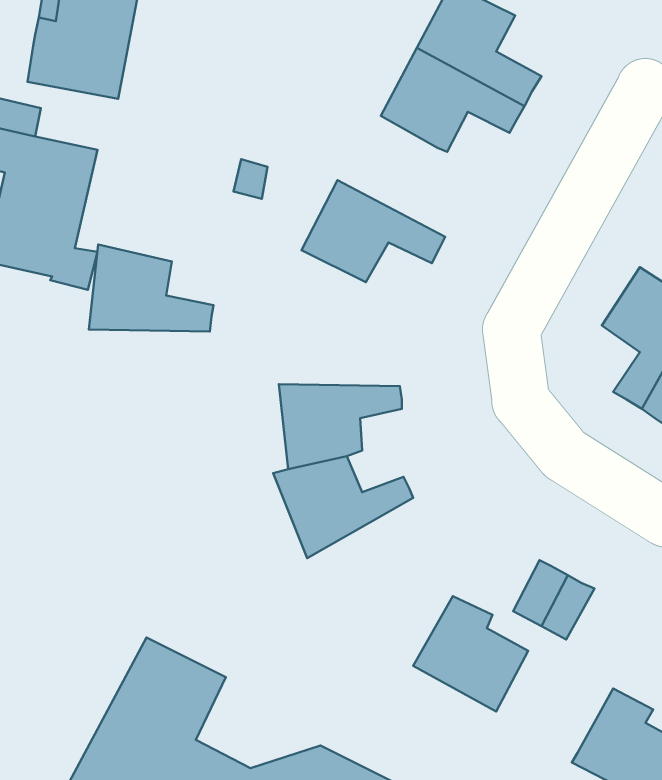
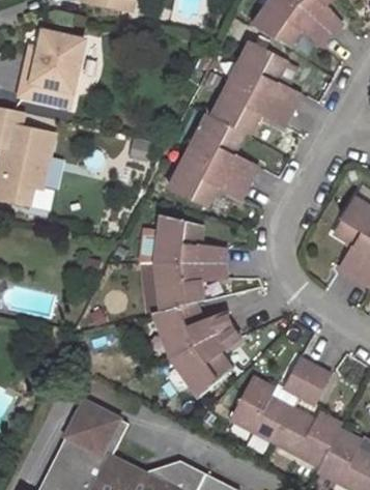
building: none -> [189,113,257,181]
building: [89,245,214,332] -> [156,215,225,263]
building: none -> [172,324,239,395]
building: none -> [276,408,342,464]

